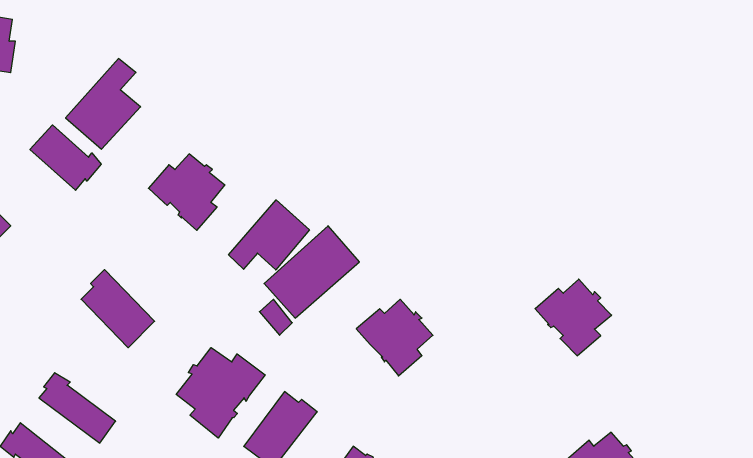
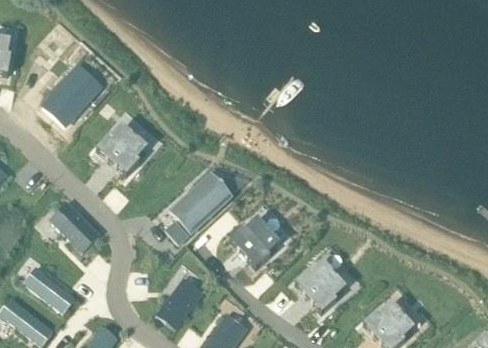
building: [30,125,101,190] -> none
building: [229,200,309,270] -> none
building: [535,279,612,356] -> [294,264,343,313]
building: [176,348,265,438] -> none

